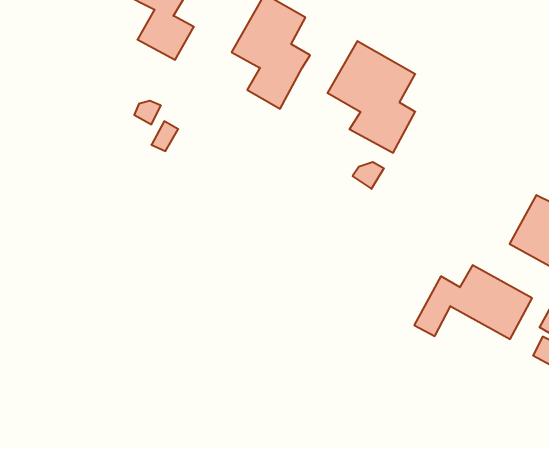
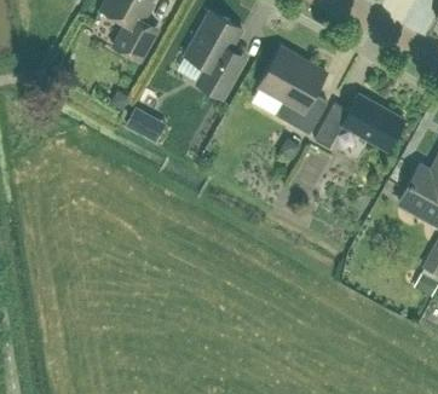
building: [414,265,532,339] -> [315,94,405,151]

